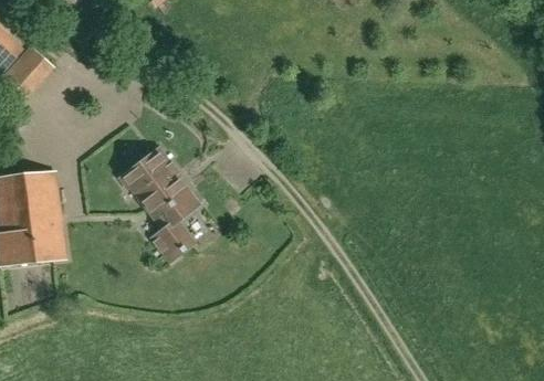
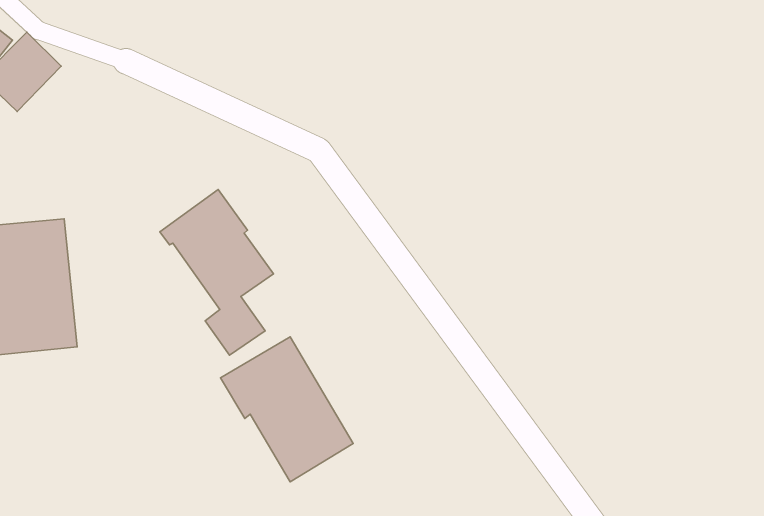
building: none -> [221,337,353,482]

